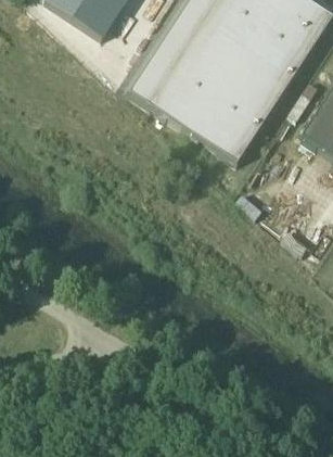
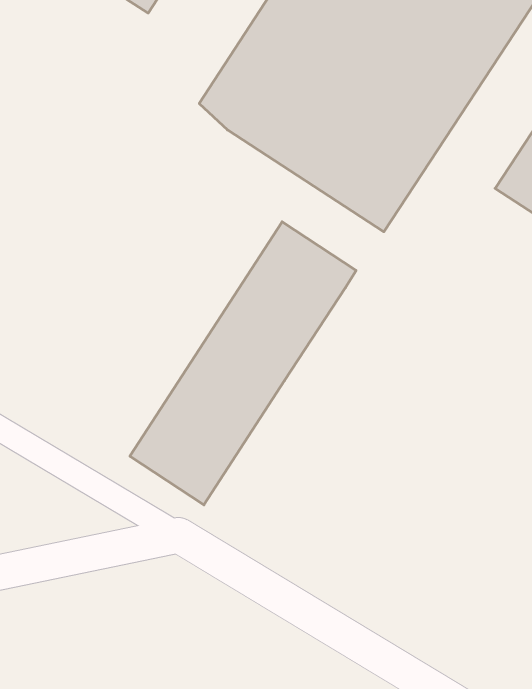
building: none -> [130,222,356,505]

